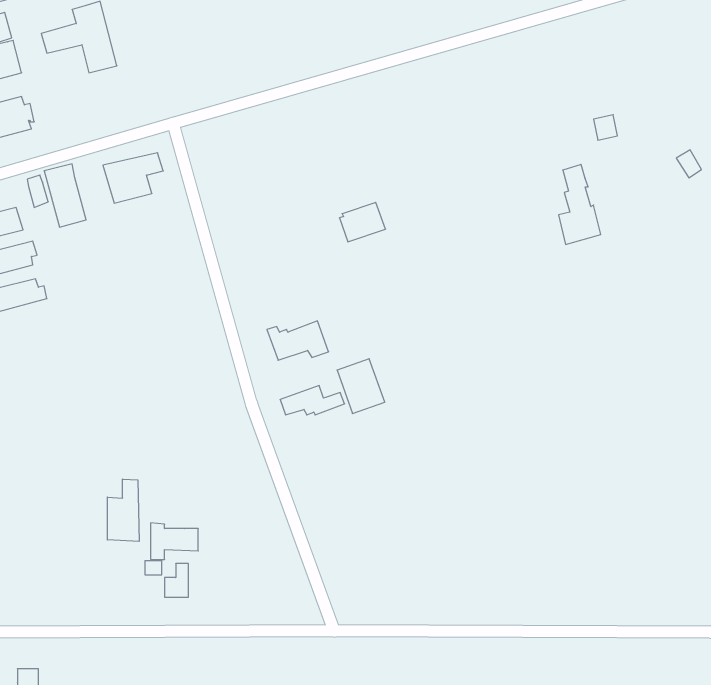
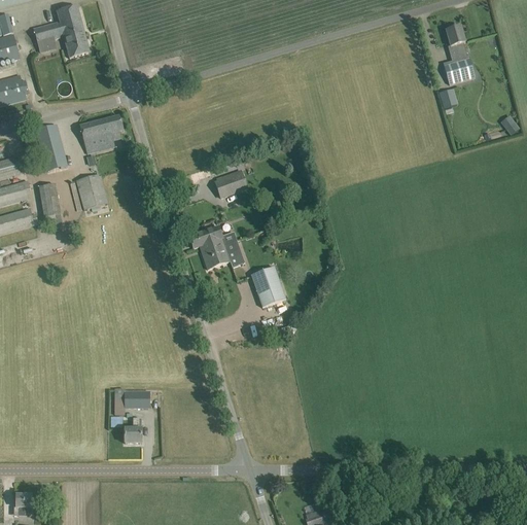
building: [559,164,601,244] -> [443,25,473,83]
building: [339,202,386,242] -> [213,169,247,198]
building: none -> [76,173,107,209]
building: none -> [39,183,59,221]
building: [280,386,345,415] -> [188,225,236,247]
building: [107,479,139,541] -> none

